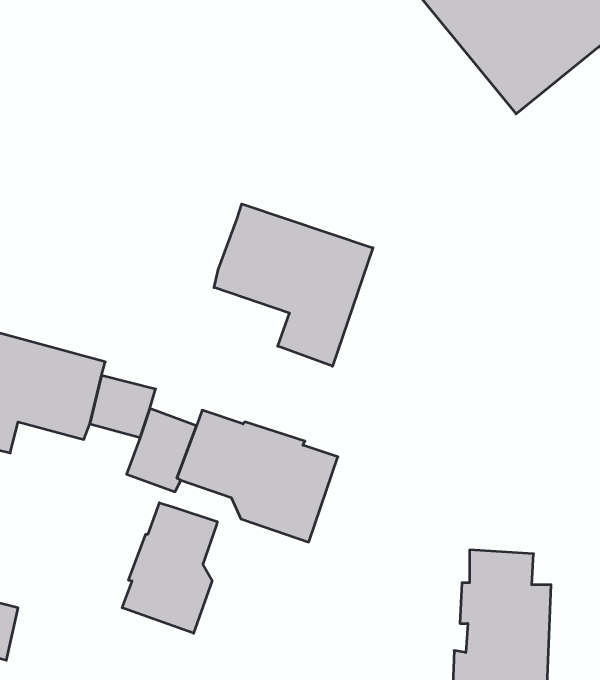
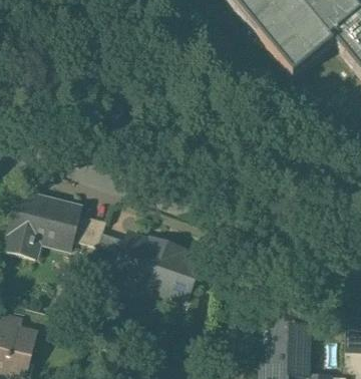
building: [214,204,373,366] -> none
building: [122,503,217,633] -> none

